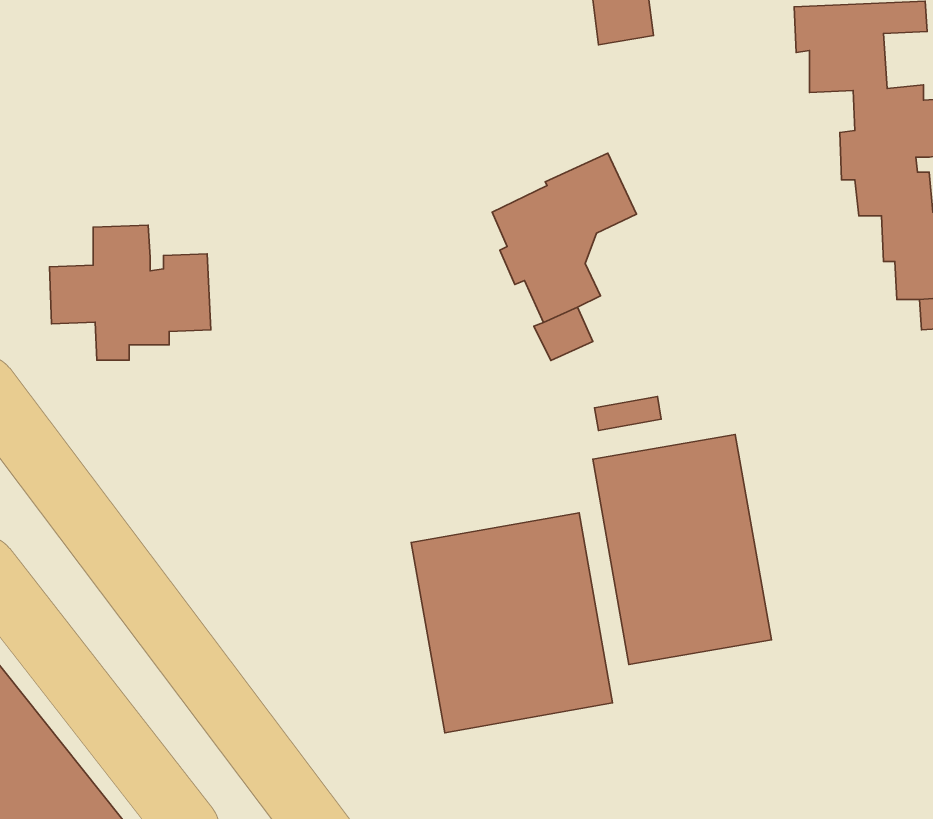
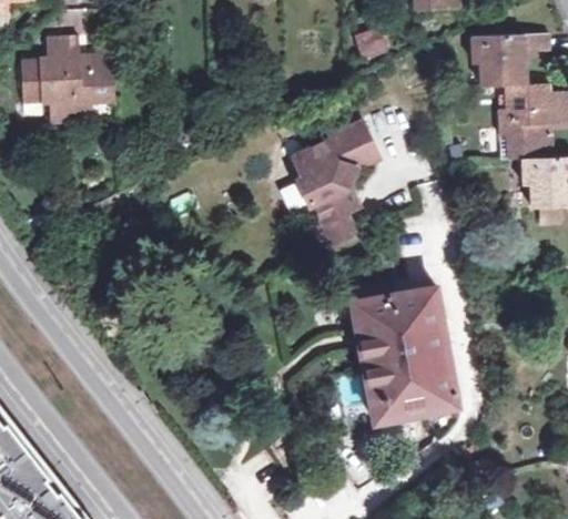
building: [49,225,211,360] -> [20,39,114,118]
building: [411,513,613,733] -> none

